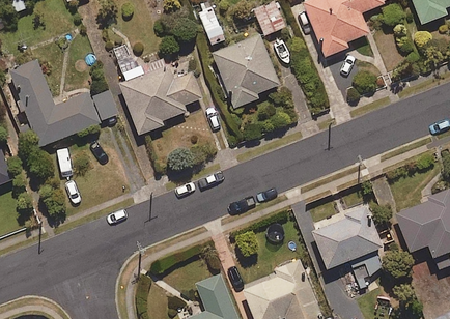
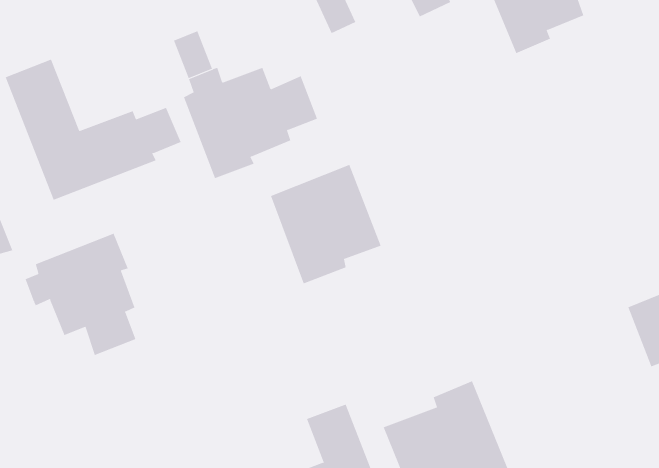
building: [209,34,279,109] -> [270,164,382,284]
building: none -> [25,233,136,356]
building: [309,206,383,279] -> none

